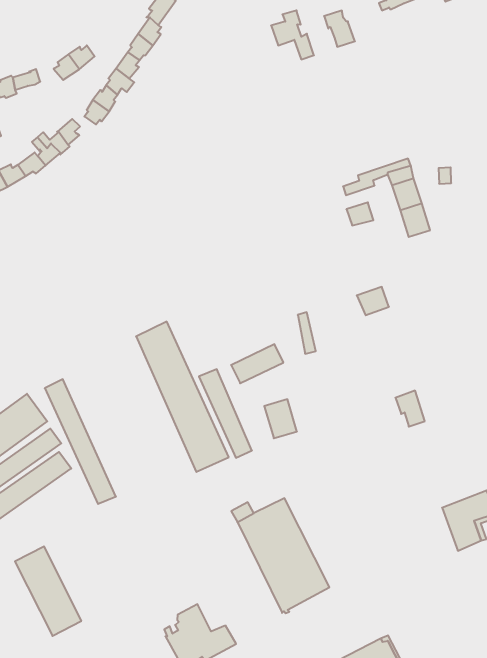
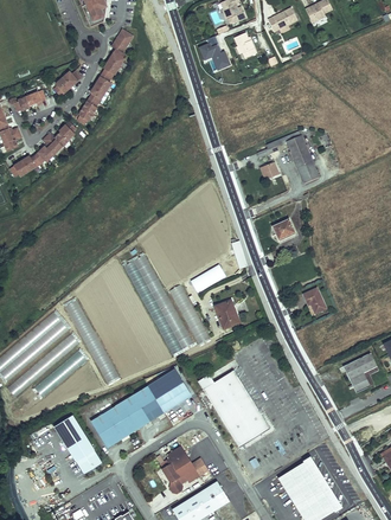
building: none -> [91,370,191,448]

